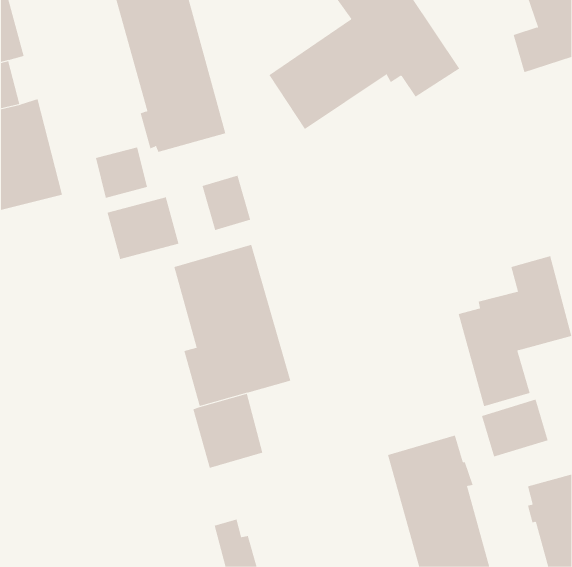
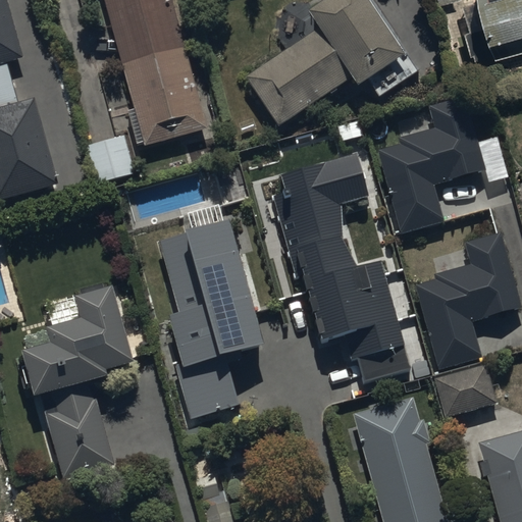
building: none -> [378,94,486,233]
building: none -> [271,153,409,379]
building: [202,175,251,231] -> none
building: [107,196,179,260] -> none
building: none -> [22,290,134,479]

